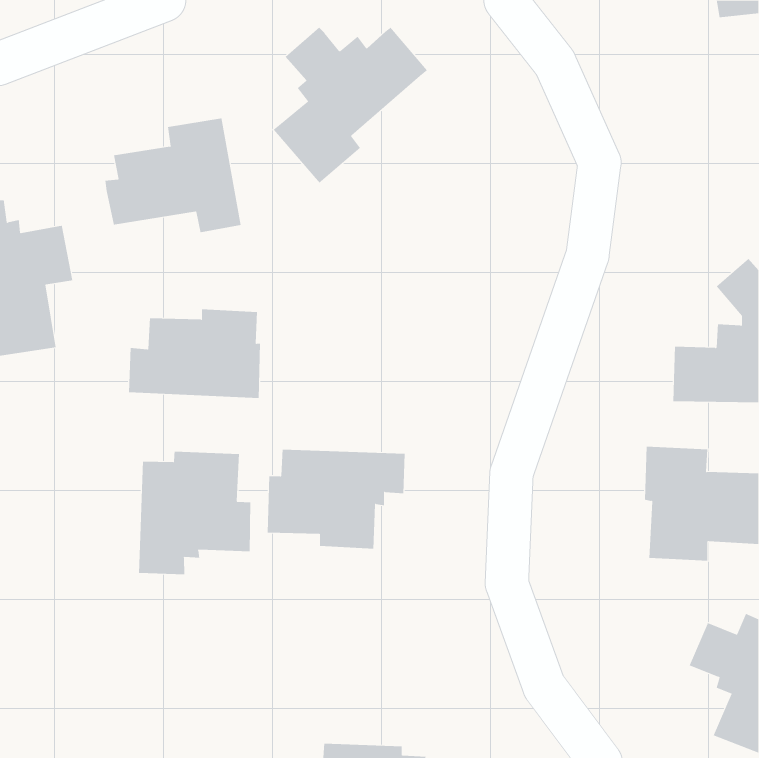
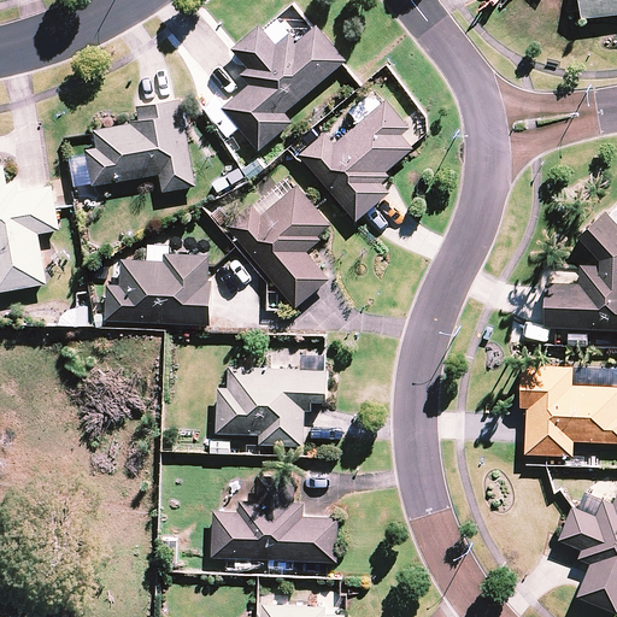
building: none -> [299,100,413,222]
building: none -> [225,184,330,308]
building: [138,451,251,575] -> none
building: none -> [211,476,337,563]

